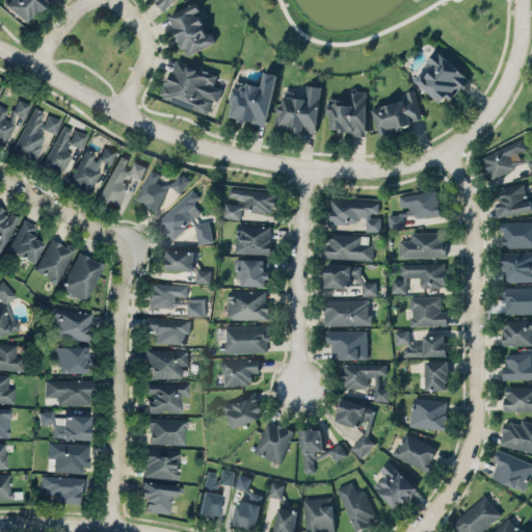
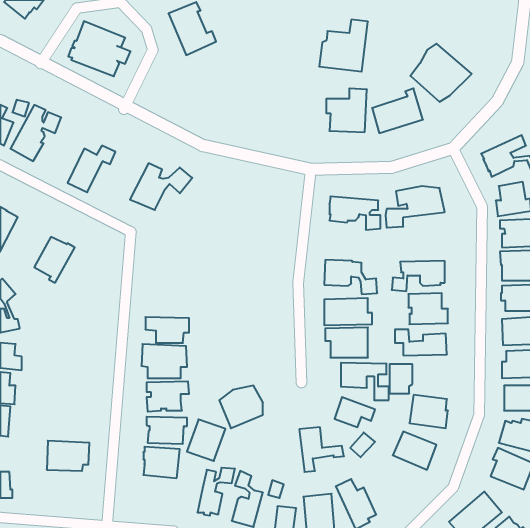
building: [161,59,223,114] -> [68,21,131,76]
building: [229,74,277,127] -> none
building: [275,82,324,134] -> [319,20,368,72]
building: [43,128,87,179] -> none
building: [99,155,148,207] -> none
building: [223,189,275,221] -> none
building: [156,190,214,245] -> none
building: [9,222,43,265] -> none
building: [237,225,272,256] -> none
building: [399,233,446,260] -> none
building: [328,236,372,262] -> none
building: [167,250,213,285] -> none
building: [61,256,103,303] -> none
building: [235,259,271,287] -> none
building: [150,284,206,317] -> none
building: [229,292,270,321] -> none
building: [52,312,91,343] -> none
building: [225,327,271,354] -> none
building: [57,349,88,375] -> none
building: [223,361,259,389] -> none
building: [426,363,449,392] -> [390,364,412,393]
building: [46,382,94,406] -> none
building: [39,414,89,443] -> none
building: [256,423,294,464] -> [187,419,225,461]
building: [374,460,419,510] -> none
building: [42,477,87,505] -> none
building: [141,483,177,515] -> none

